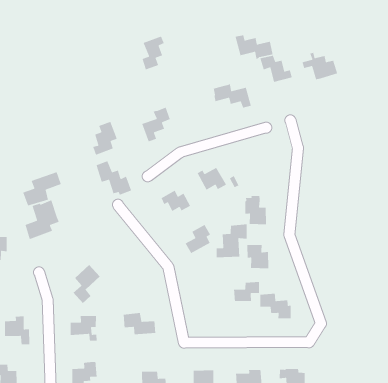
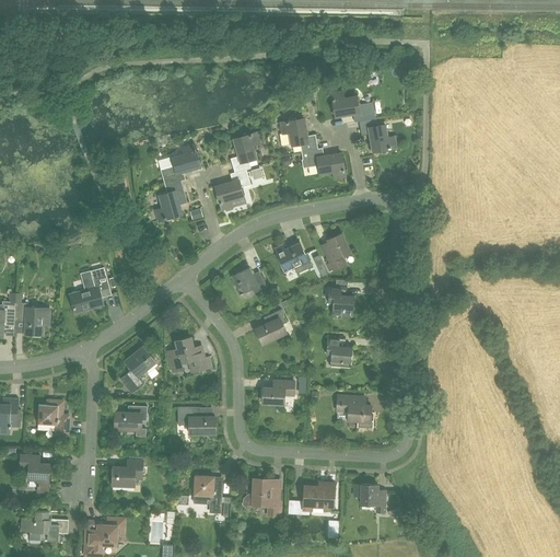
building: [142,35,165,70] -> [230,132,258,172]
building: [302,52,338,80] -> none
building: none -> [280,117,317,151]
building: none -> [160,143,199,185]
building: none -> [325,233,350,271]
building: [96,160,132,196] -> none
building: [22,171,62,207] -> none
building: [216,223,248,258] -> none
building: none -> [165,337,210,371]
building: [233,281,260,302] -> [262,380,294,403]

